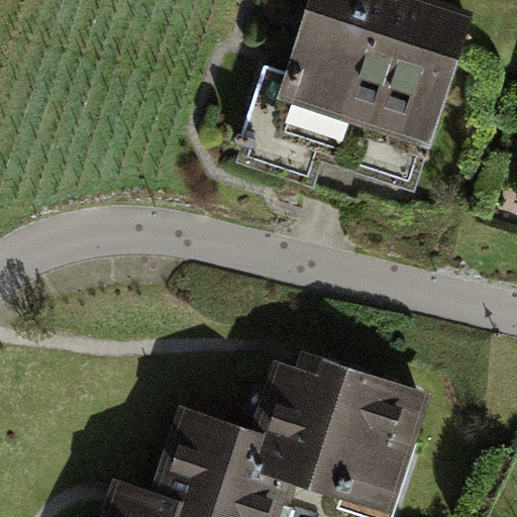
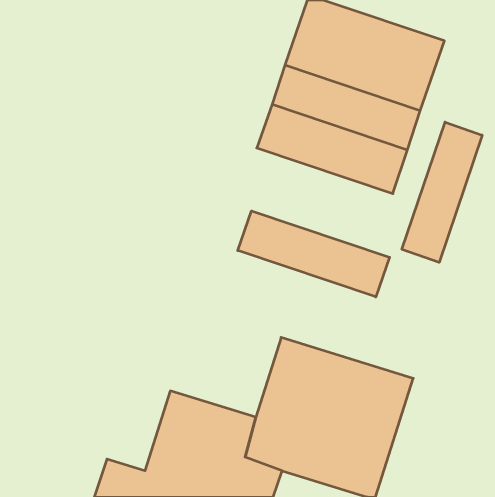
building: none -> [402,122,482,262]
building: none -> [238,211,390,297]

